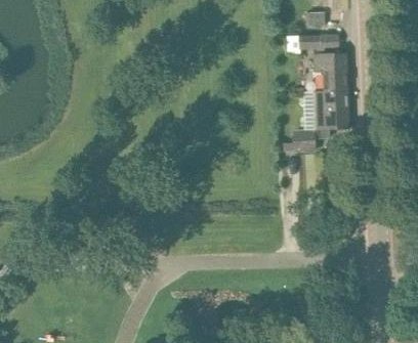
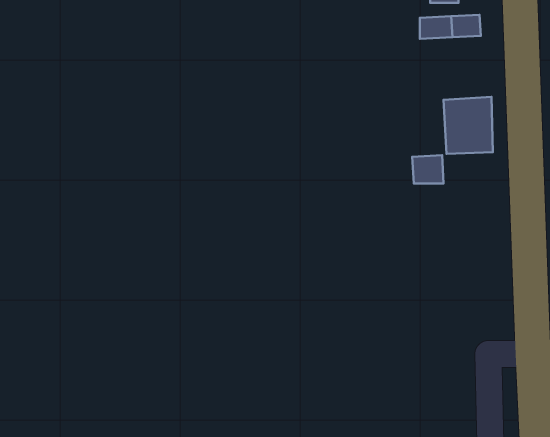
building: [314,53,347,92] -> none

